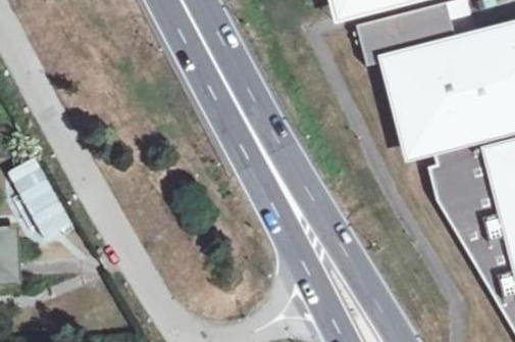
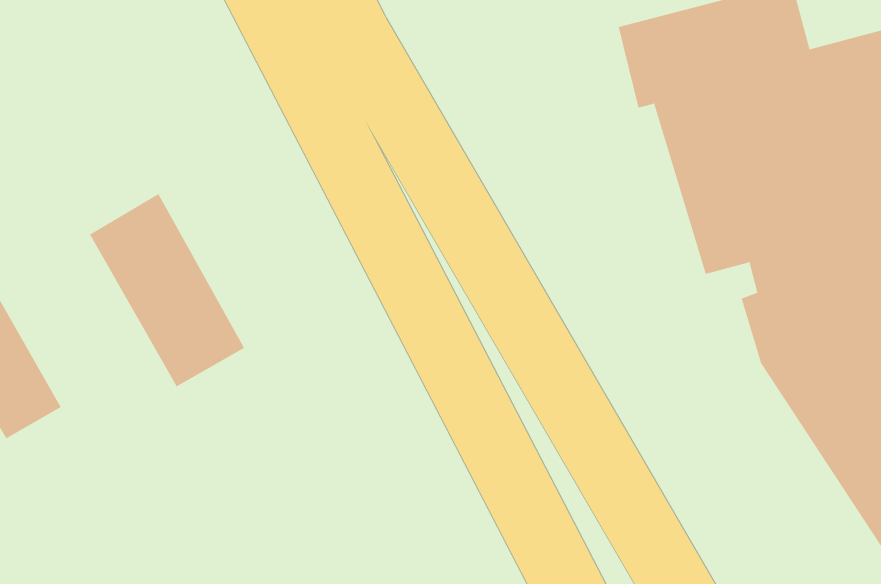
building: none -> [89,193,245,387]

